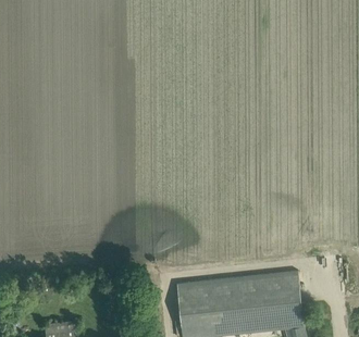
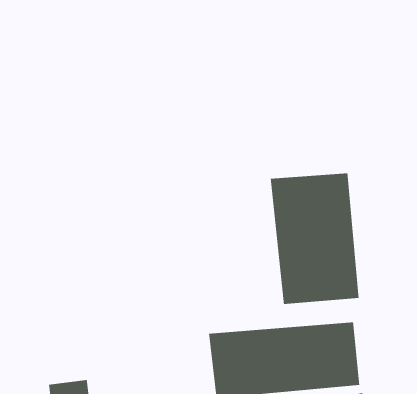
building: none -> [270,173,360,305]

